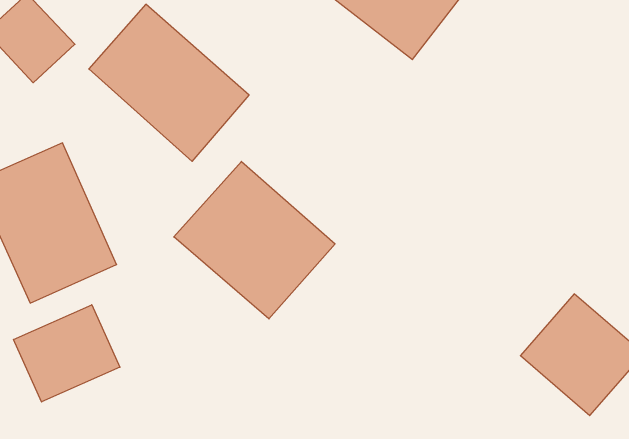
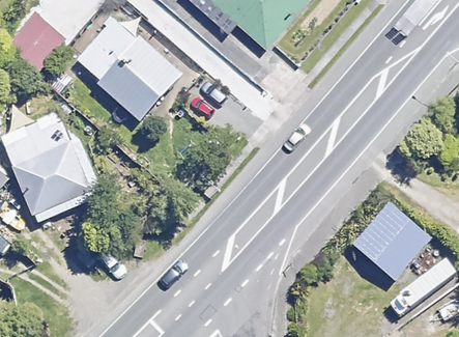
building: [174,161,335,319] -> none
building: [14,305,120,402] -> none

